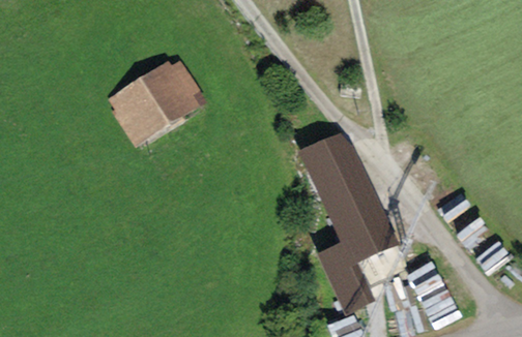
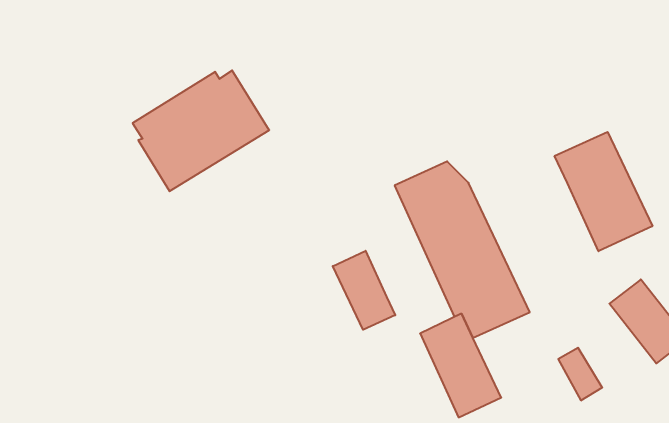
building: none -> [555,132,652,251]
building: none -> [333,251,395,330]

